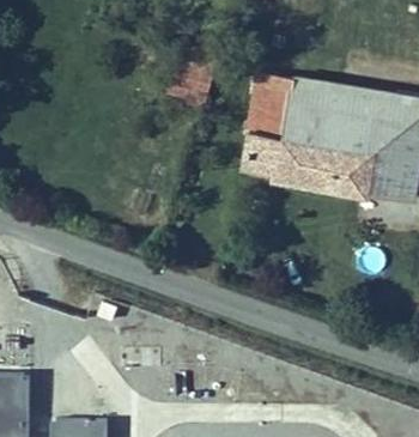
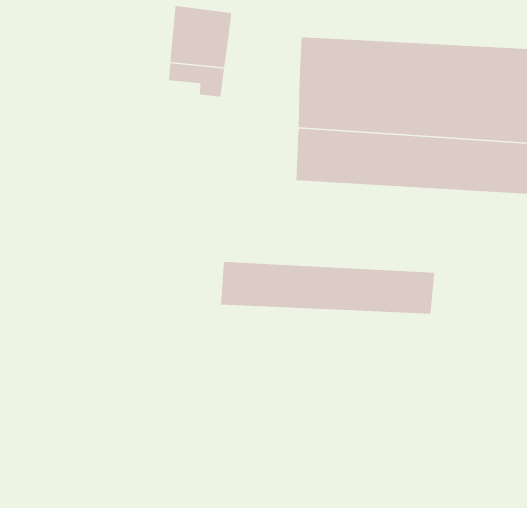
building: none -> [220,261,435,314]

